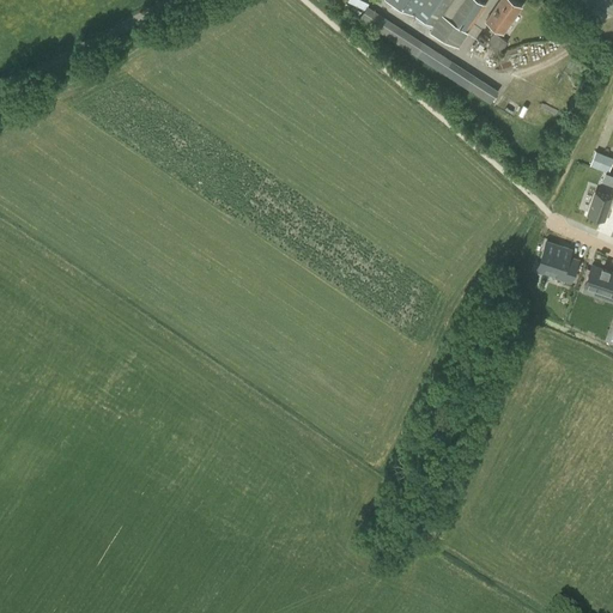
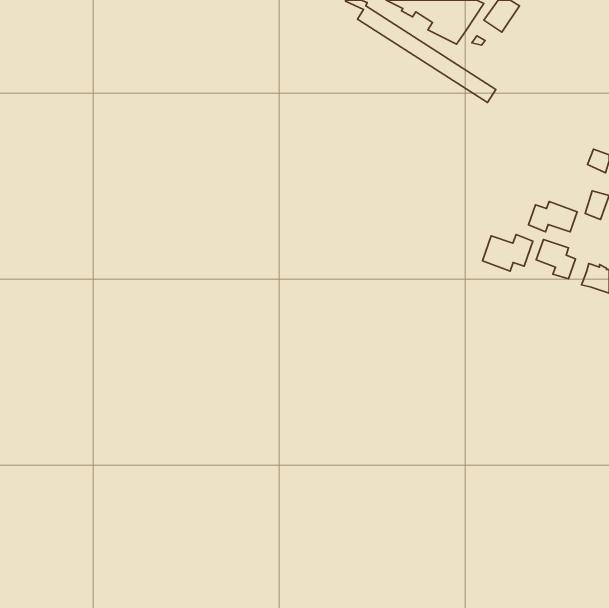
building: none -> [529,201,577,232]
building: none -> [482,234,533,271]

